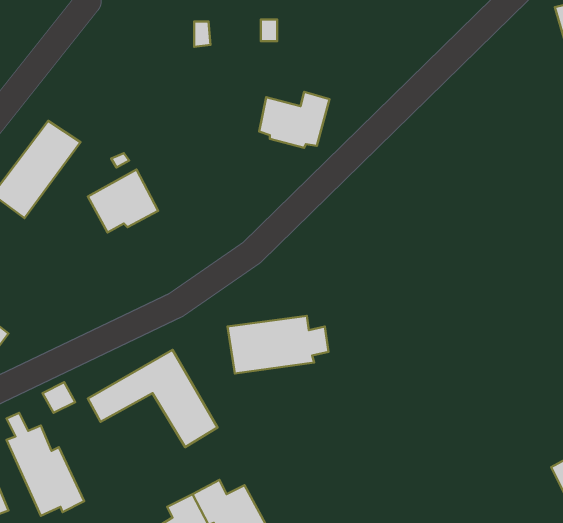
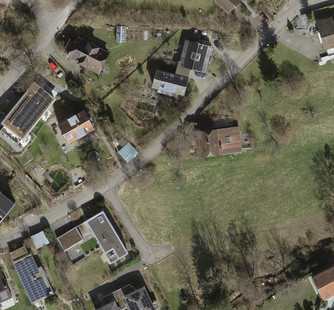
building: none -> [63,37,108,74]
building: none -> [176,41,212,75]
building: [228,316,329,373] -> [194,127,250,159]

